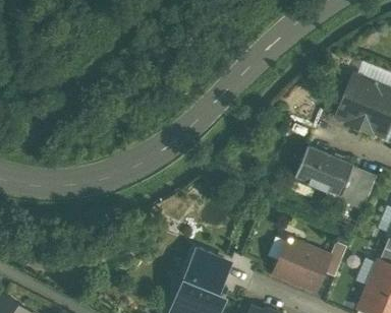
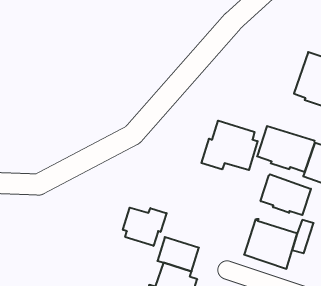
building: none -> [201,121,258,170]
building: none -> [261,174,311,215]
building: none -> [123,208,167,246]

